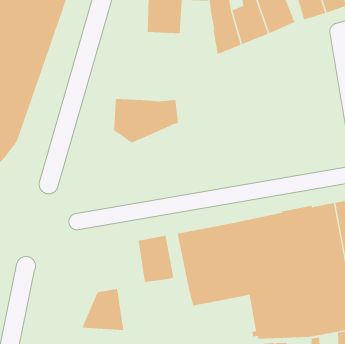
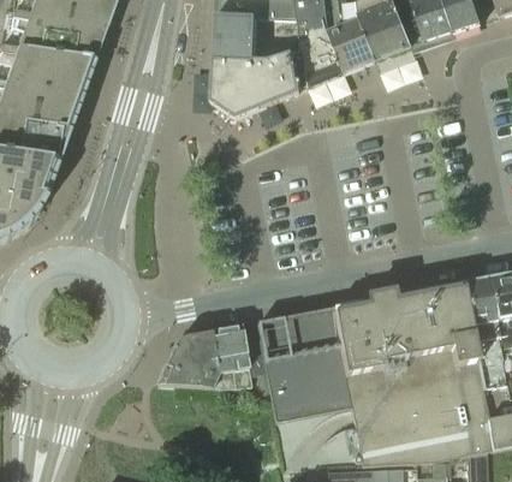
building: [113,98,179,143] -> [214,56,300,115]
building: [81,289,124,330] -> [156,332,213,387]

